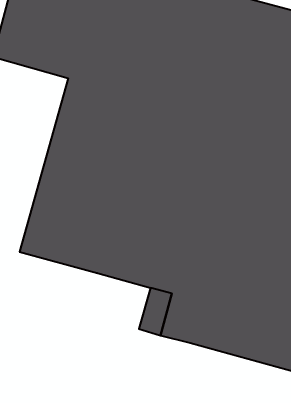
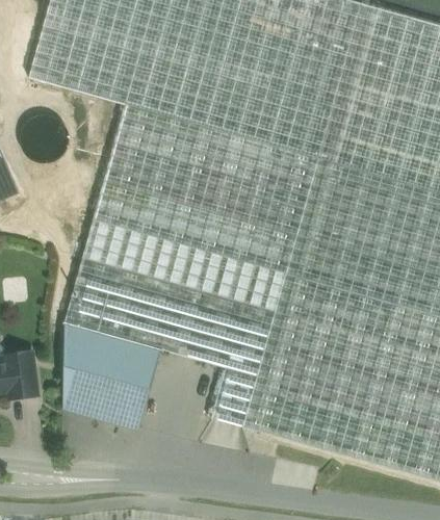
building: none -> [60,322,163,432]

